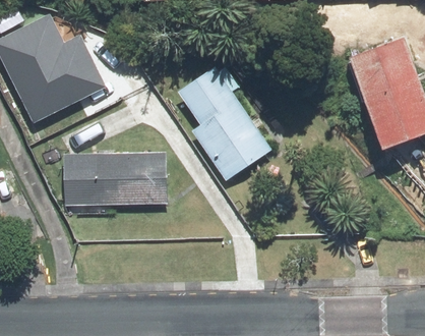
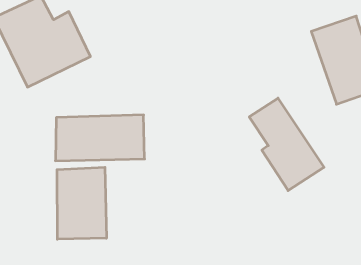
building: [180,72,264,177] -> [249,98,324,191]
building: none -> [57,167,106,239]

